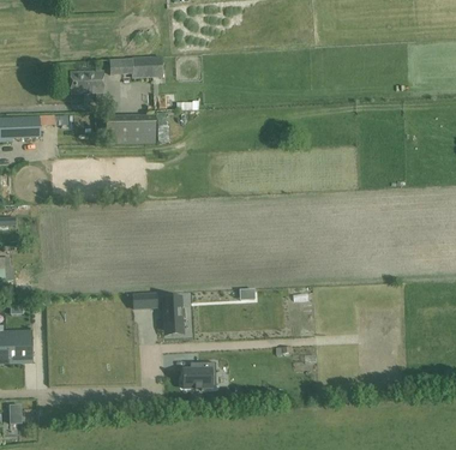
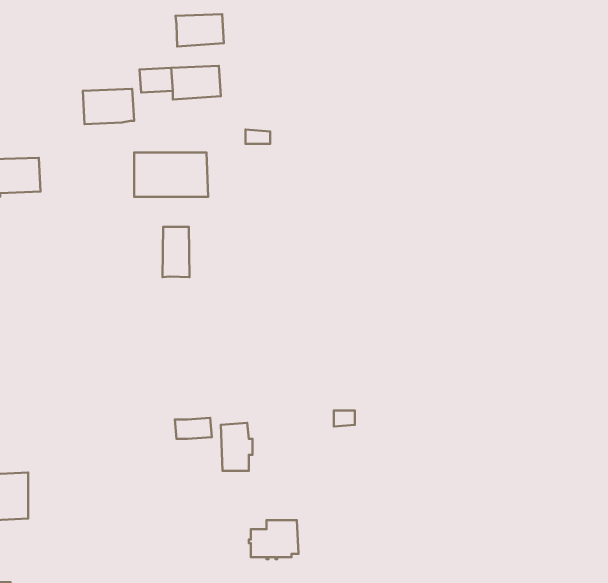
building: none -> [176,14,224,47]
building: none -> [162,227,190,277]

